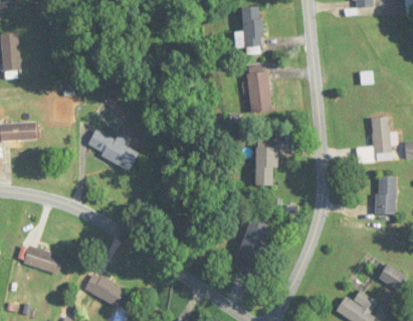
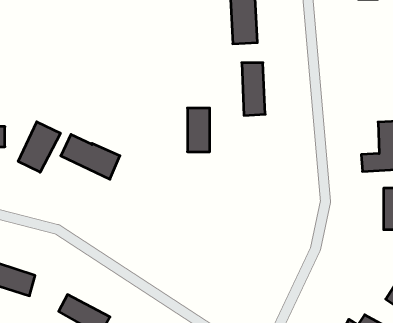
building: none -> [18,122,60,172]
building: [255,146,275,185] -> [187,108,210,152]
building: [236,218,267,267] -> none

